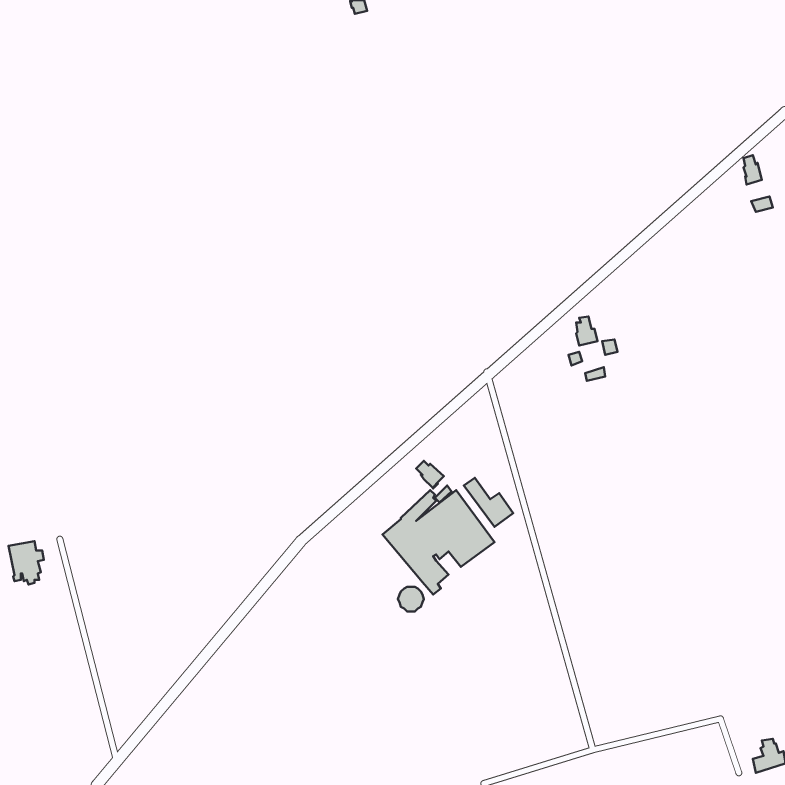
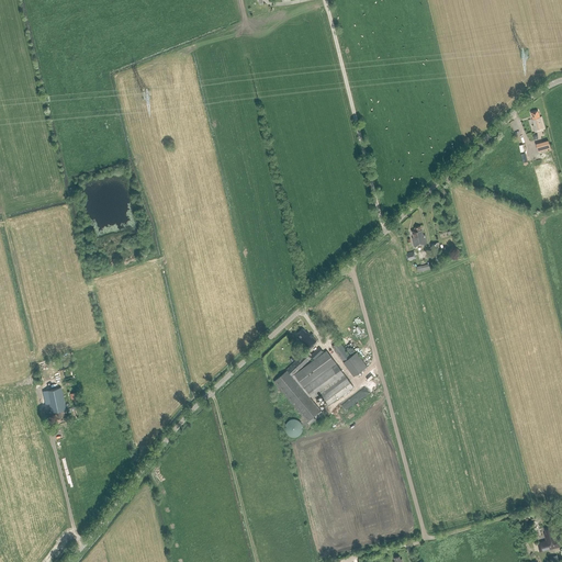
building: [8,541,44,584] -> [43,389,68,419]

